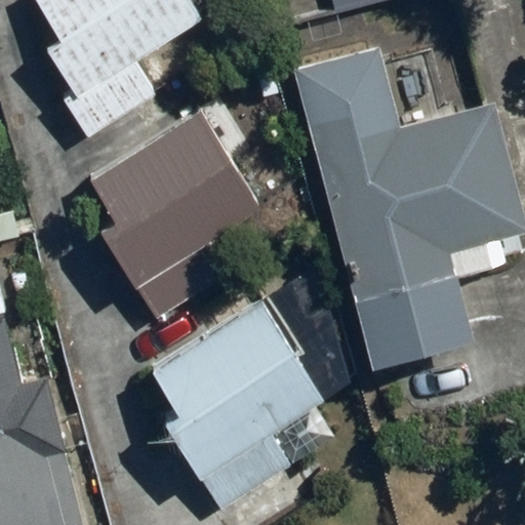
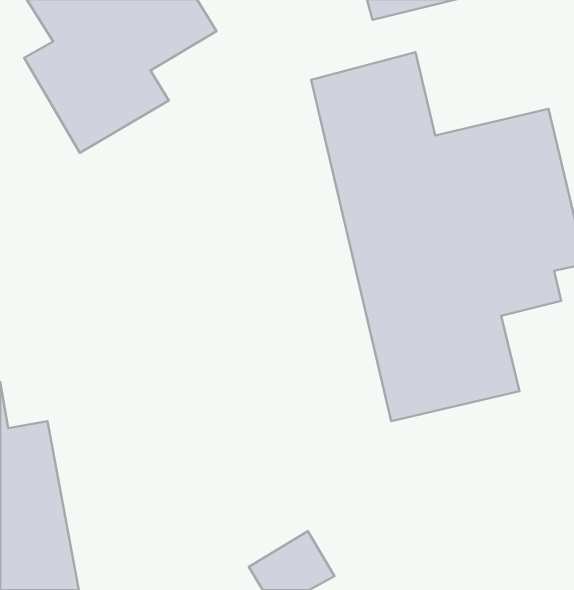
building: [87,109,267,291] -> none
building: [148,297,326,478] -> none

